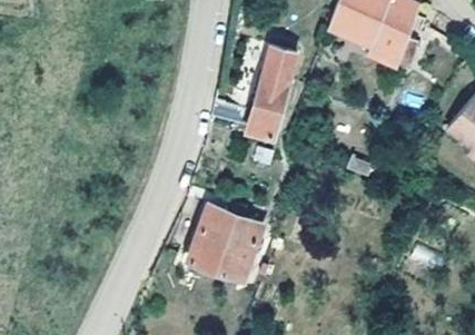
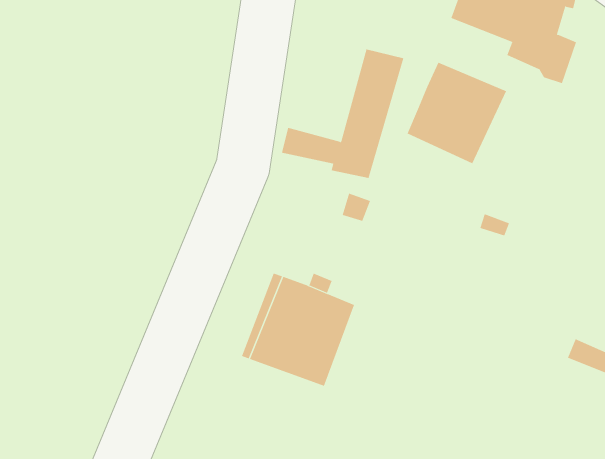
building: none -> [407,62,507,164]

